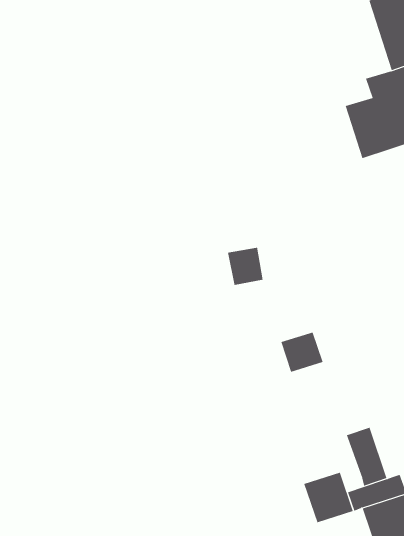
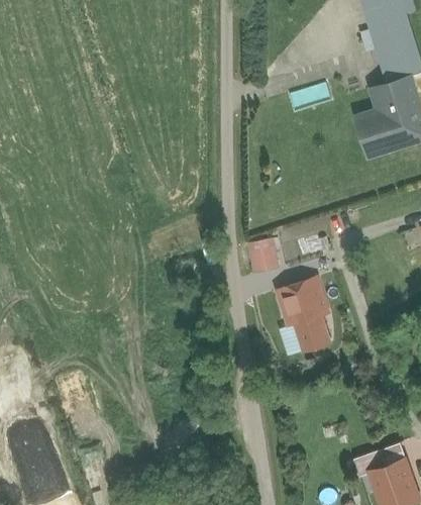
building: none -> [275,276,329,326]
building: [346,427,387,486] -> none
building: [304,472,354,523] -> none

